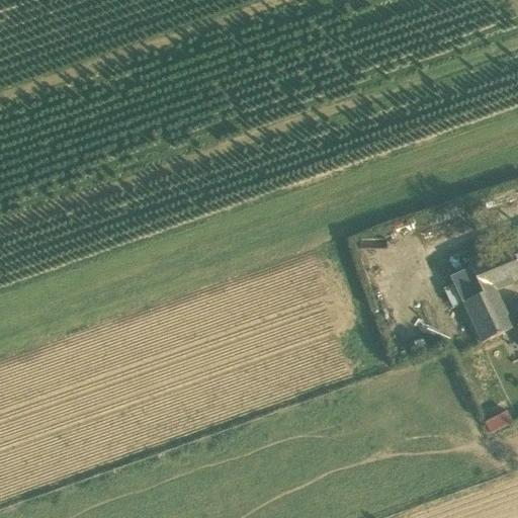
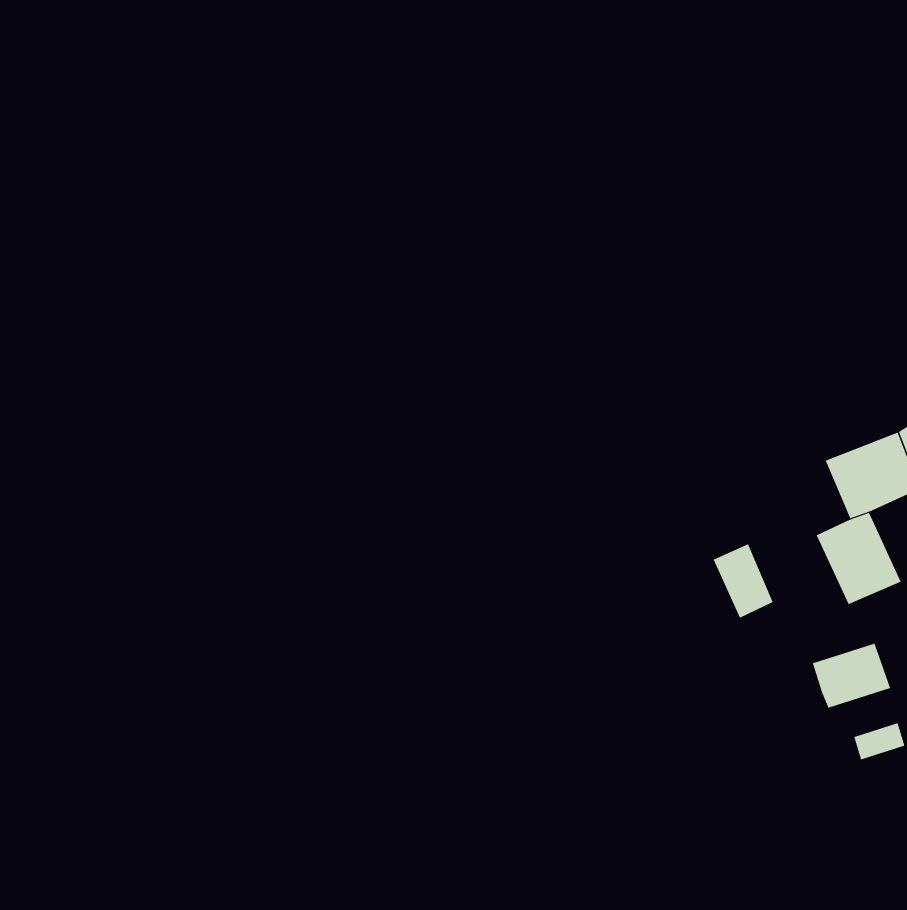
building: [450,261,485,304] -> [713,543,773,618]
building: none -> [812,643,891,709]

